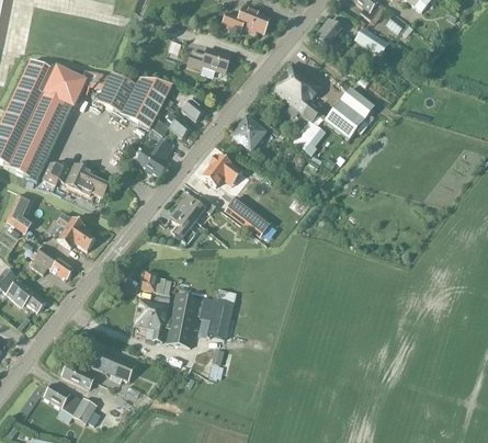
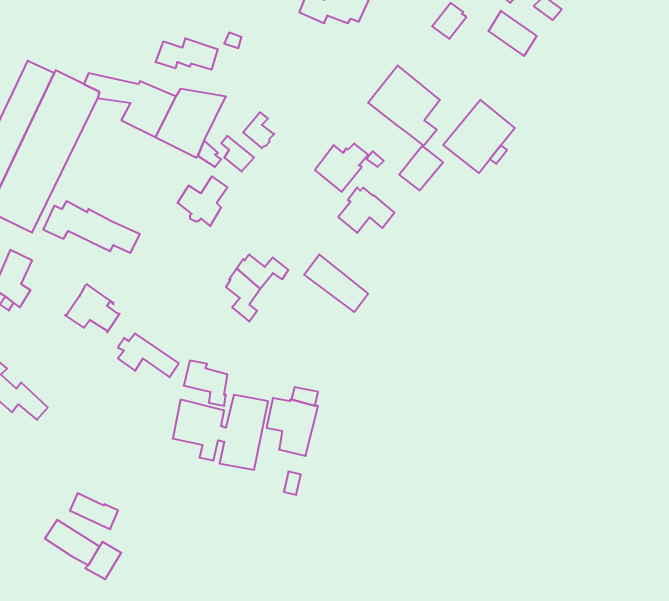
building: [185,47,229,69] -> [155,38,218,70]
building: [202,156,241,188] -> [338,188,395,233]
building: [30,248,72,279] -> [118,333,179,377]
building: [90,350,135,380] -> none

